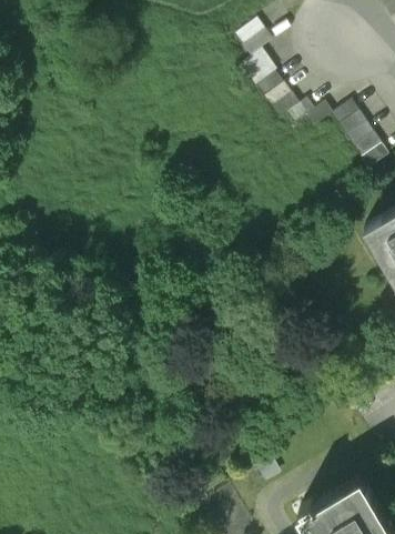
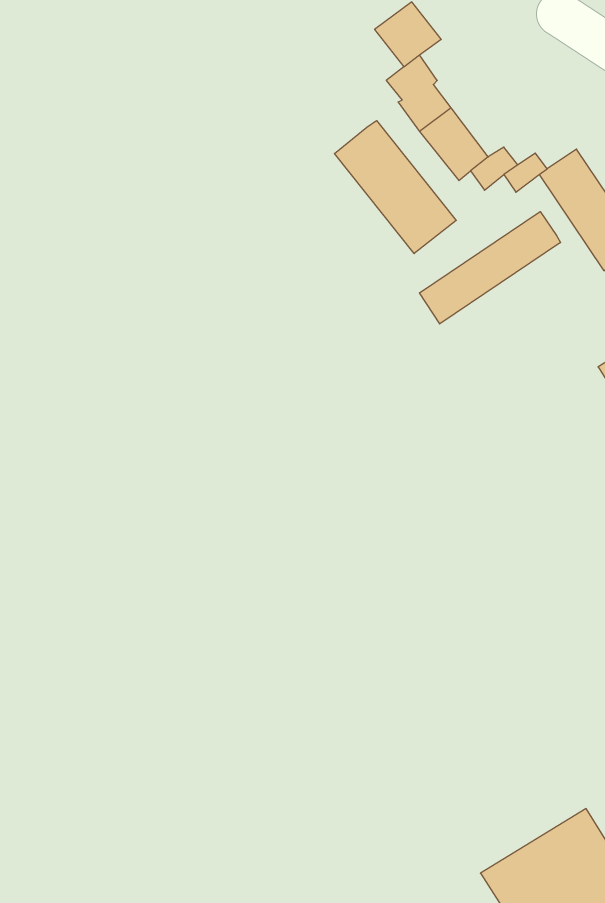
building: none -> [334,121,456,254]
building: none -> [419,212,561,324]

